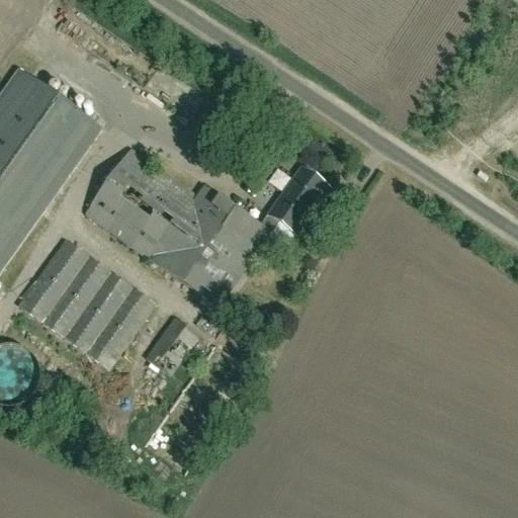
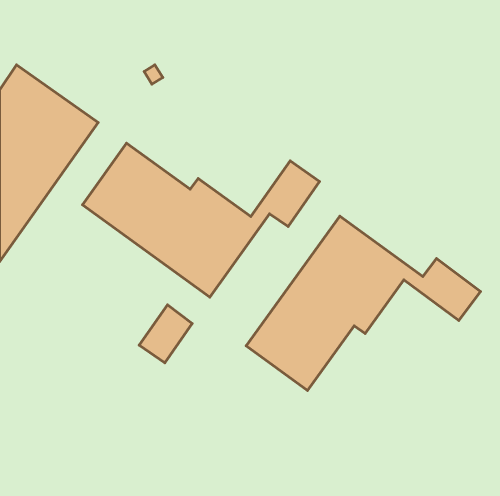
building: none -> [246,216,480,391]
building: [19,240,153,368] -> none

